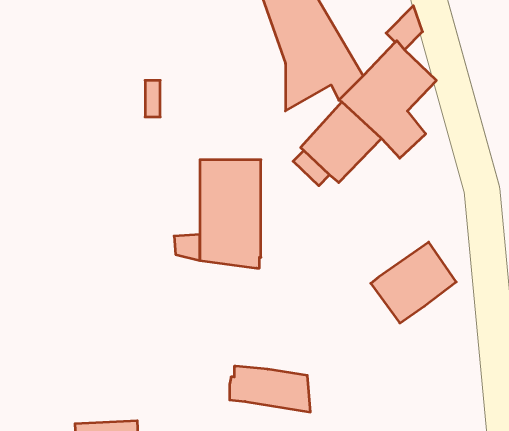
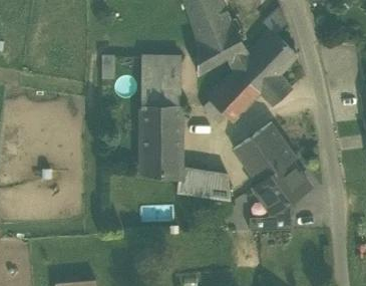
building: none -> [141,56,181,106]
building: none -> [234,122,296,184]
building: none -> [247,203,290,231]
building: [230,366,310,412] -> [177,171,231,201]

